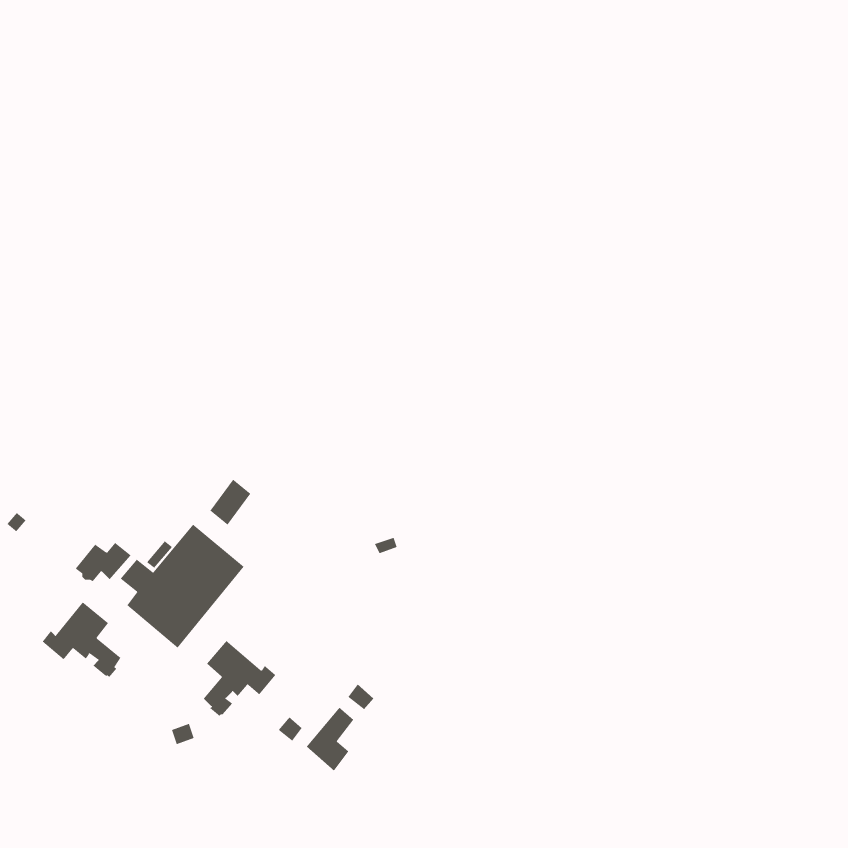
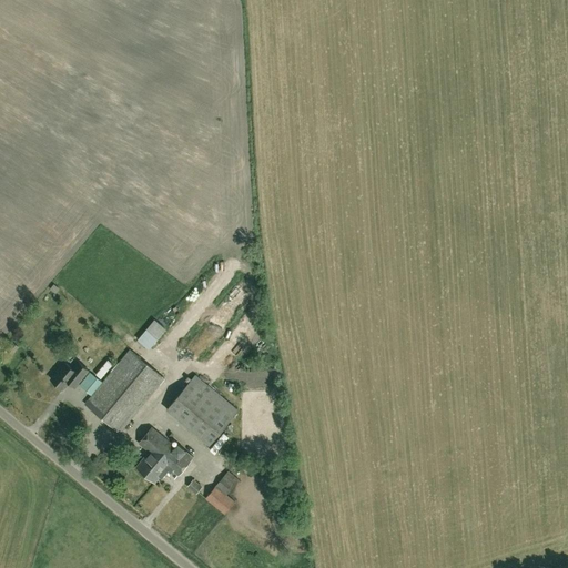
building: none -> [165,376,237,445]
building: [42,602,121,678] -> none
building: none -> [149,452,192,484]

